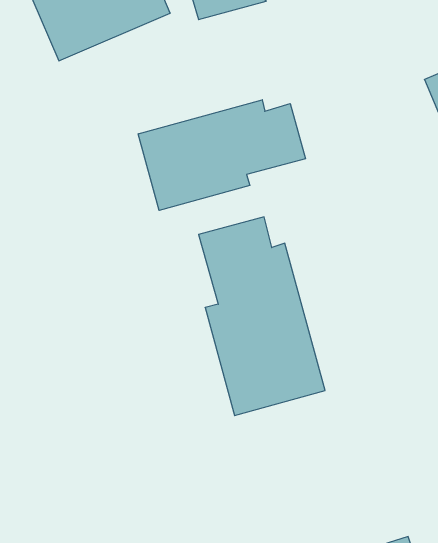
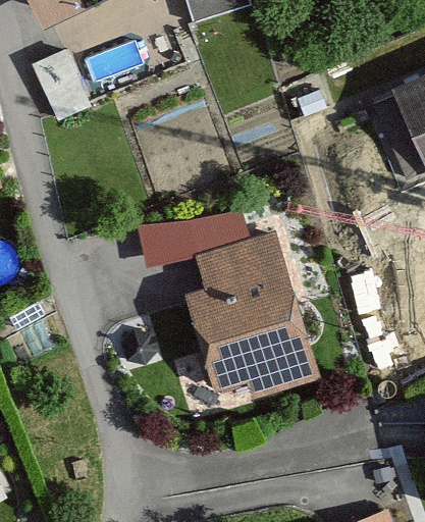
building: [138,100,306,210] -> none

